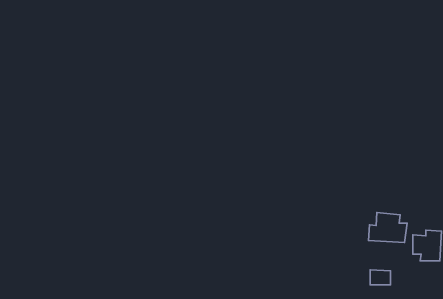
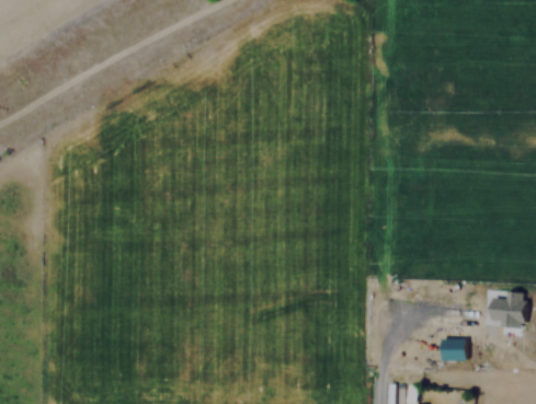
building: [368,212,407,243] -> none

